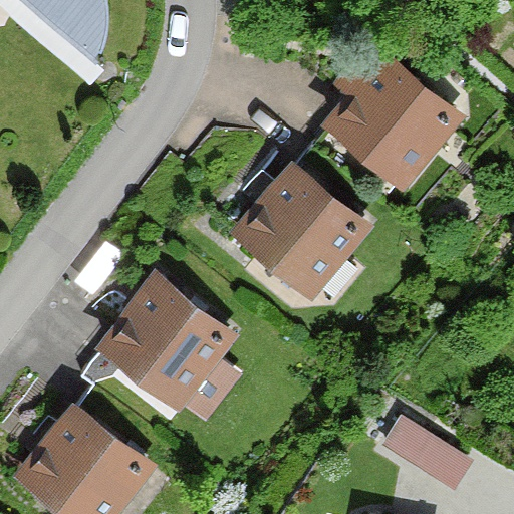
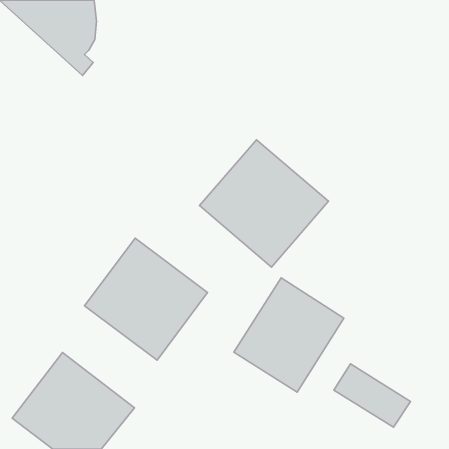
building: [321,41,460,194] -> none
building: none -> [234,278,344,392]

